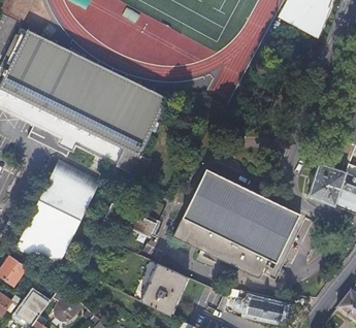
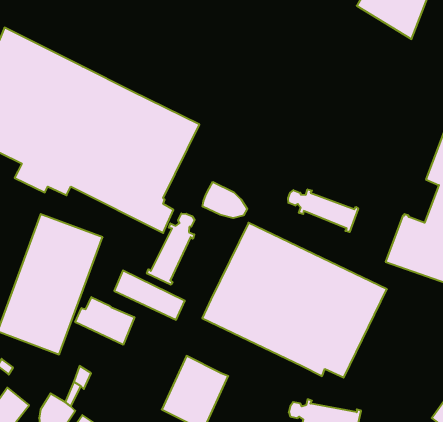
building: none -> [203,182,247,218]
building: none -> [288,189,358,232]
building: none -> [147,213,195,285]
building: none -> [75,297,134,345]

